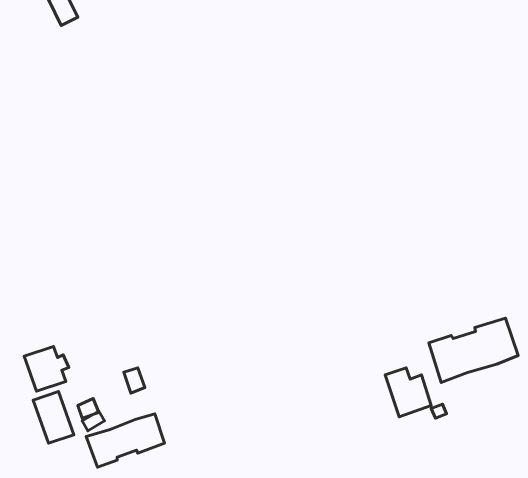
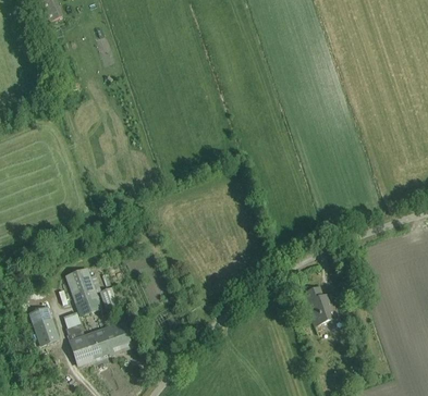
building: [429,318,518,383] -> none
building: [24,346,69,391] -> [64,269,99,304]

